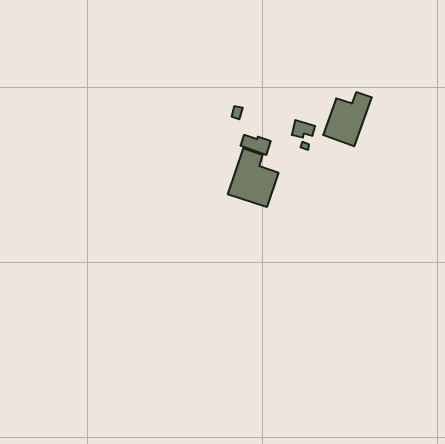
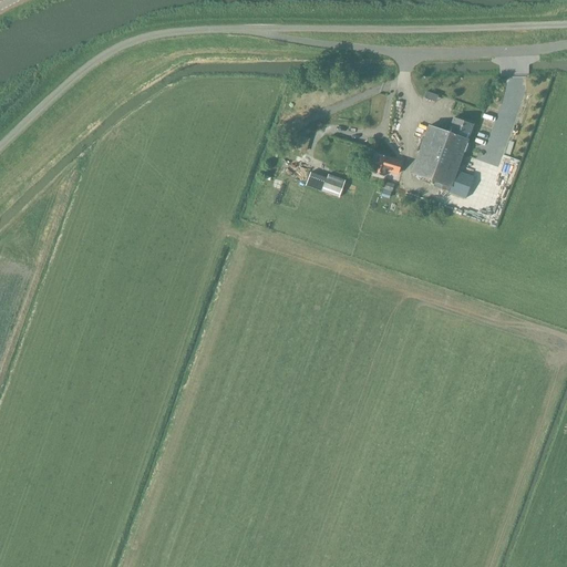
building: [228,148,278,207] -> none

